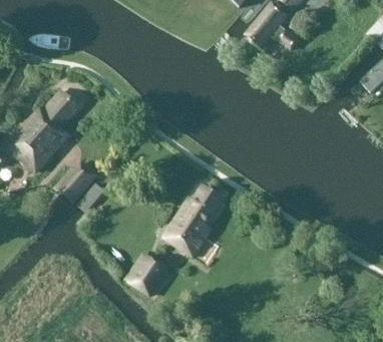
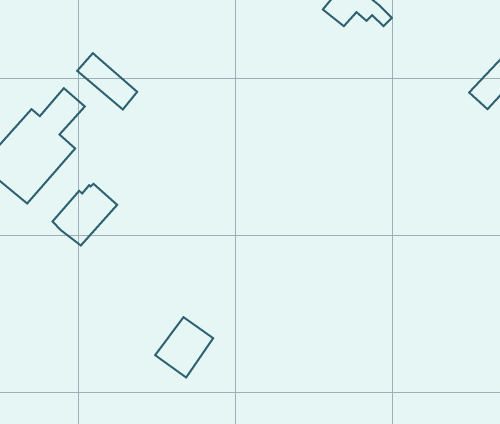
building: none -> [77,53,137,109]
building: [162,179,227,254] -> none

